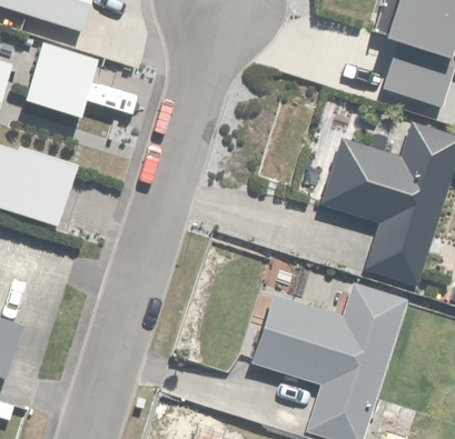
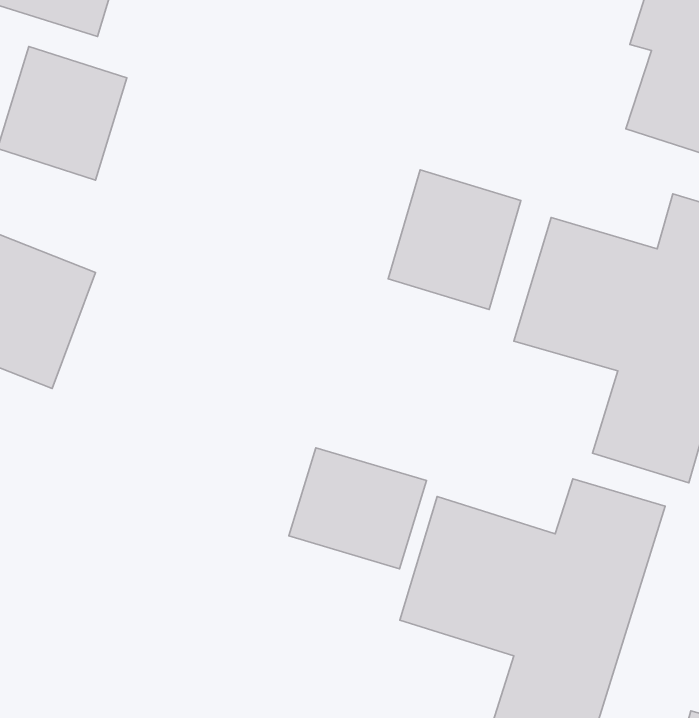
building: none -> [388,170,521,310]
building: none -> [289,448,426,569]

